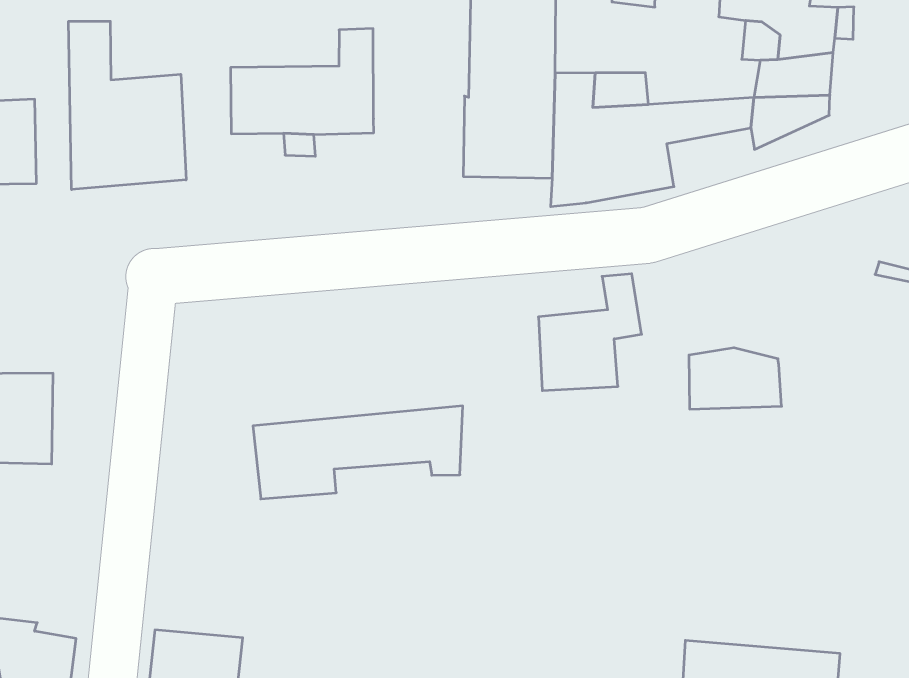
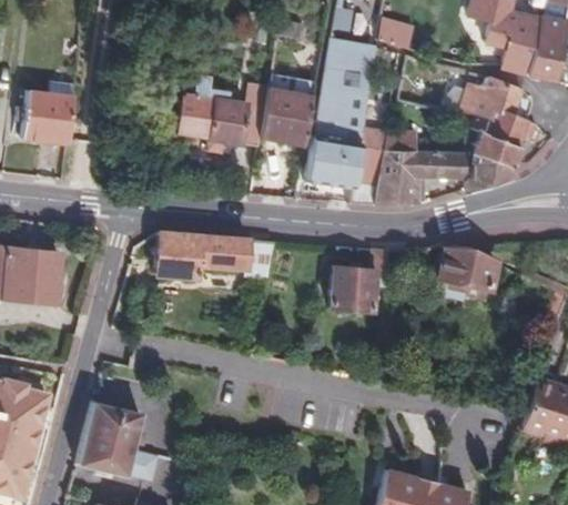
building: [69,21,186,190] -> none
building: none -> [261,90,315,147]
building: [689,348,782,409] -> [444,246,497,283]
building: [253,406,463,499] -> [155,233,275,279]

